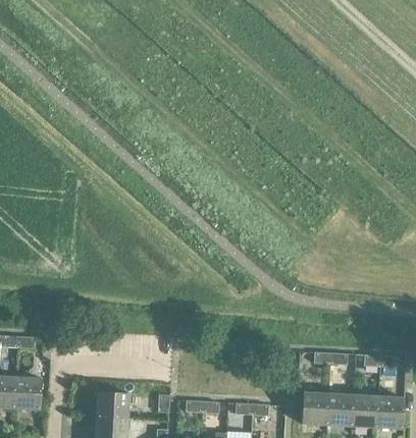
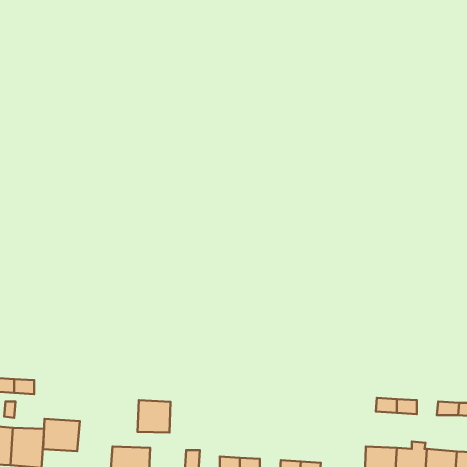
building: none -> [138,400,170,433]
building: none -> [43,419,80,451]

